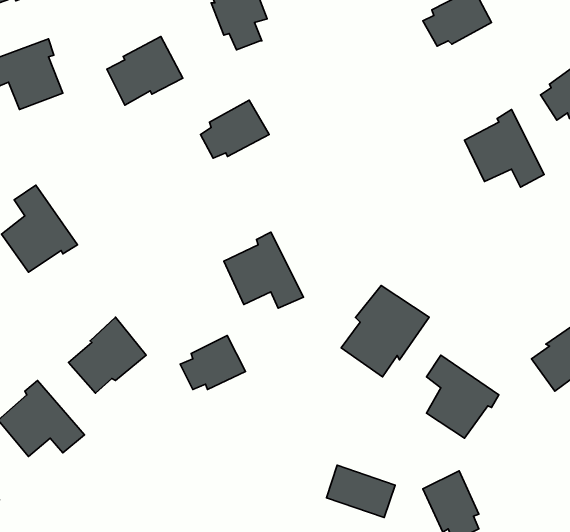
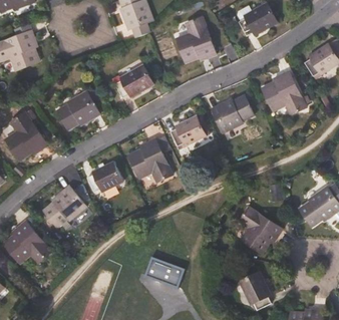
building: none -> [176,17,216,62]
building: [107,36,183,105] -> [57,91,99,129]
building: none -> [211,95,254,132]
building: none -> [171,115,206,146]
building: [341,285,429,377] -> none
building: [180,335,245,390] -> [86,162,122,192]
building: [326,465,395,518] -> [145,258,184,287]

